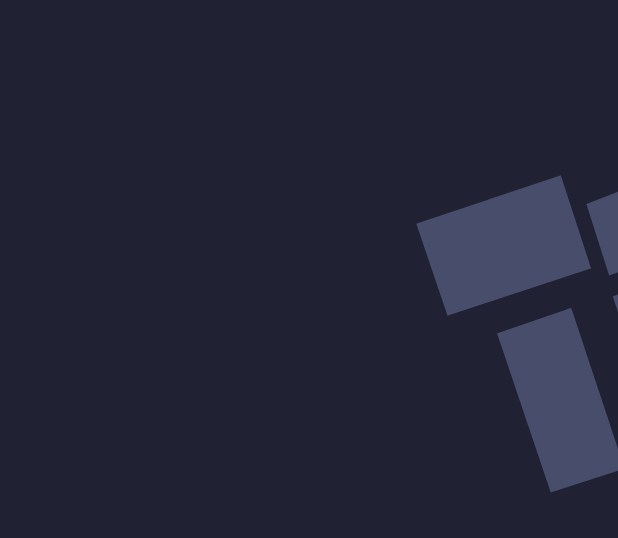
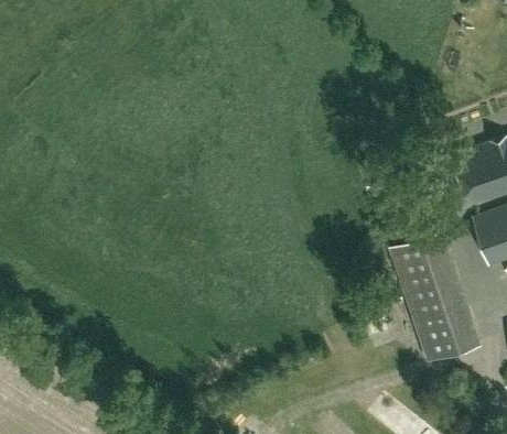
building: [416,175,592,317] -> none

